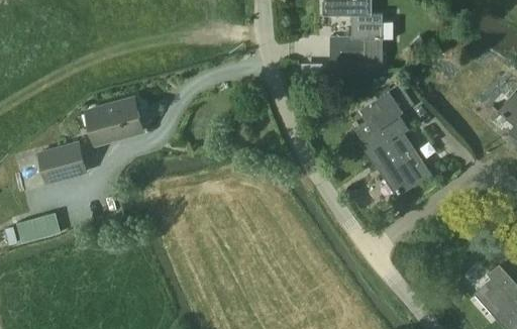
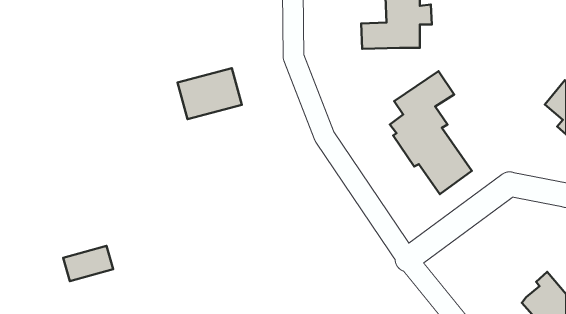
building: [85,99,143,145] -> [178,68,242,119]
building: [36,142,88,185] -> none
building: [16,213,62,245] -> [63,246,113,281]

